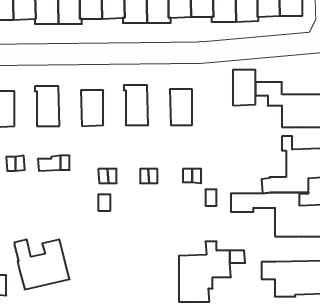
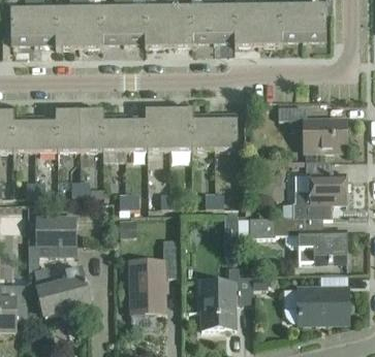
building: [233,70,255,105] -> [215,113,238,150]
building: none -> [169,108,193,150]
building: none -> [80,109,104,151]
building: none -> [125,115,148,150]
building: none -> [35,116,58,151]
building: none -> [28,216,77,271]
building: none -> [130,245,182,314]

